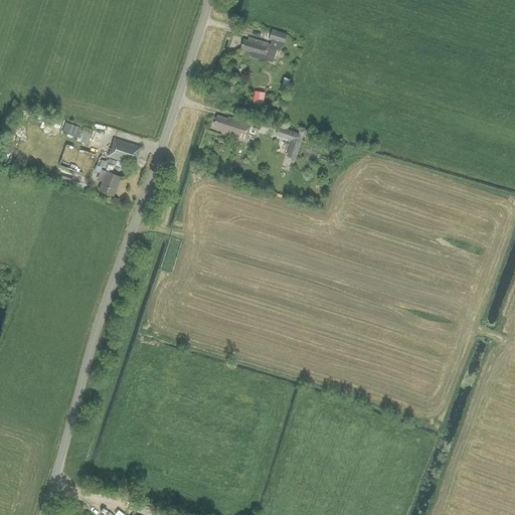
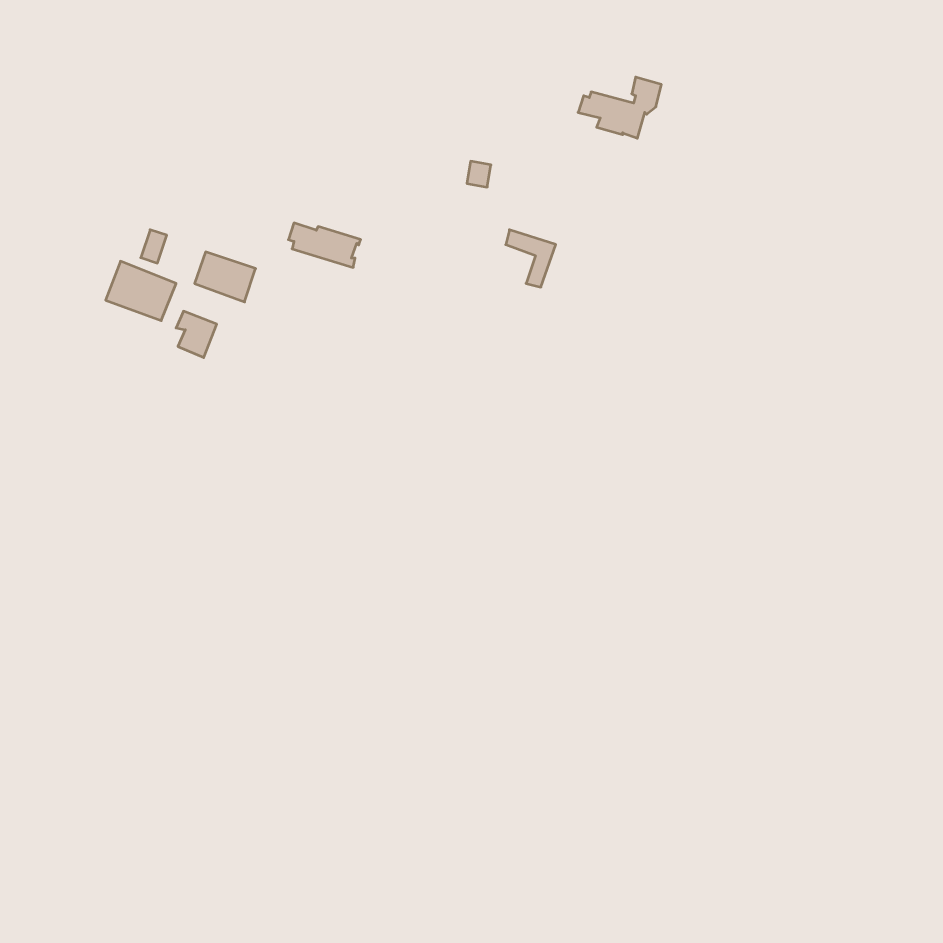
building: [239,28,285,61] -> [578,77,661,138]
building: [212,115,251,139] -> [288,223,361,267]

